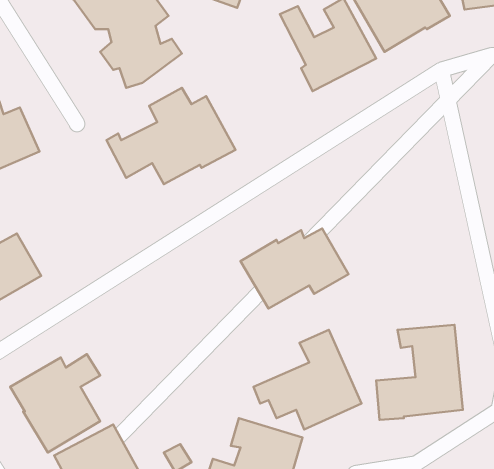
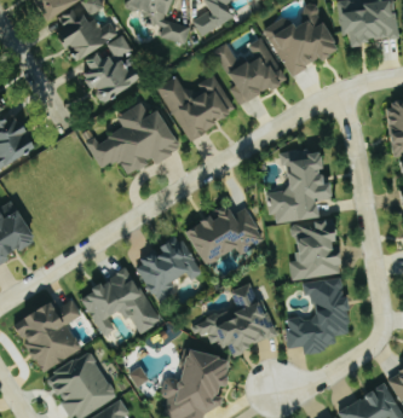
building: none -> [157,74,235,140]
building: none -> [267,149,340,279]
building: none -> [133,234,200,297]
building: none -> [79,268,159,336]

